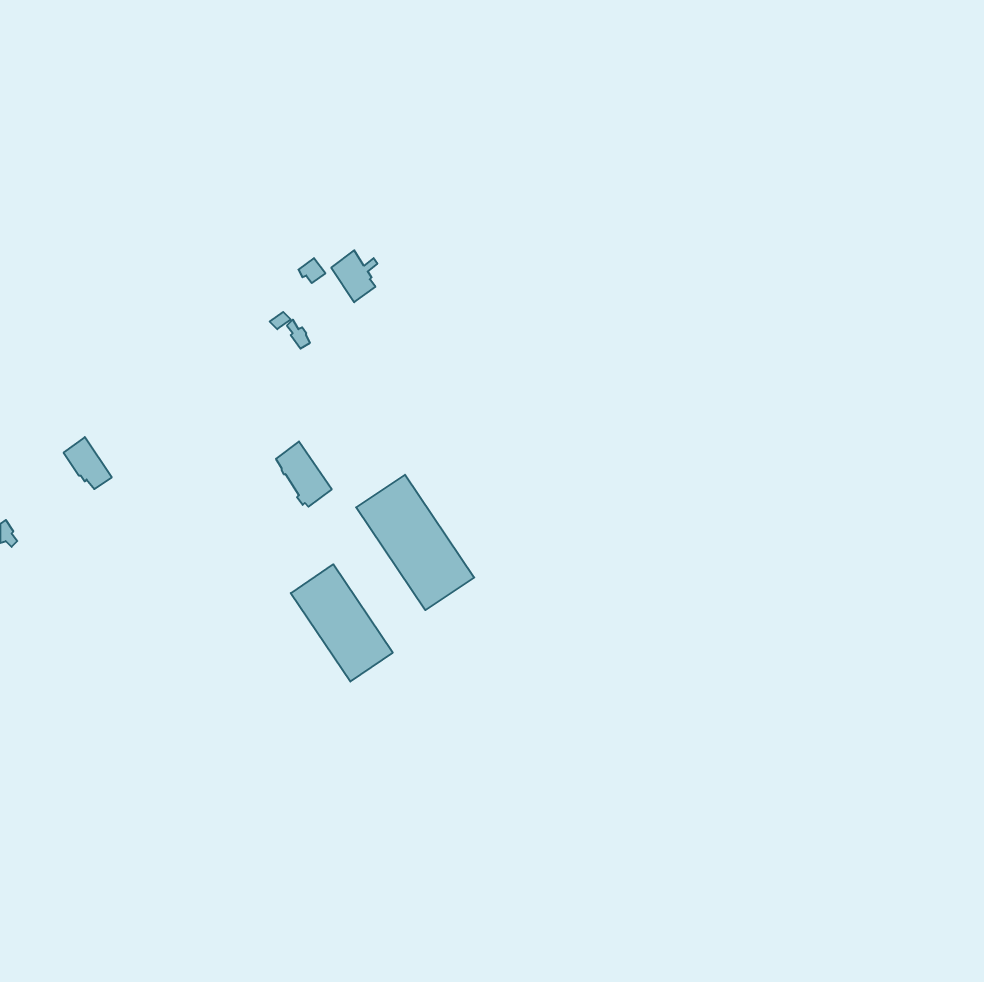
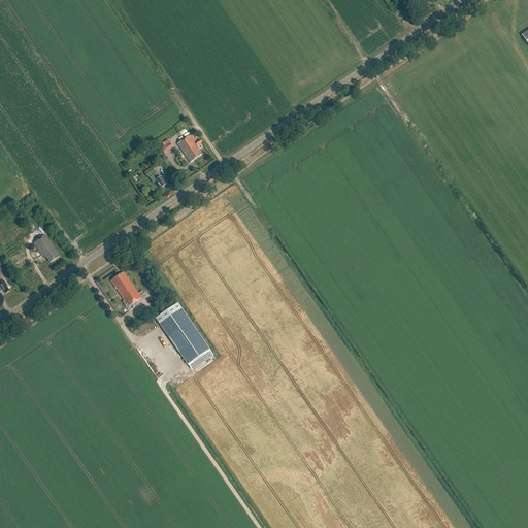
building: [276,441,332,507] -> [111,271,141,306]
building: [356,475,474,610] -> none

